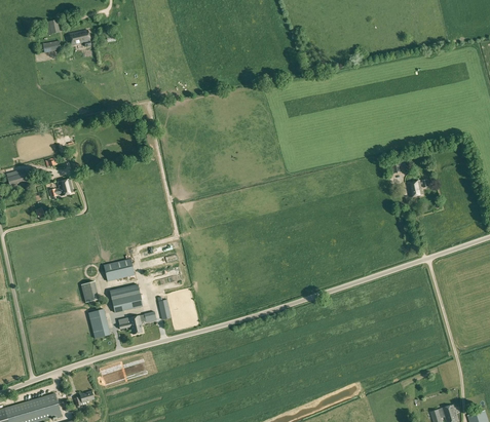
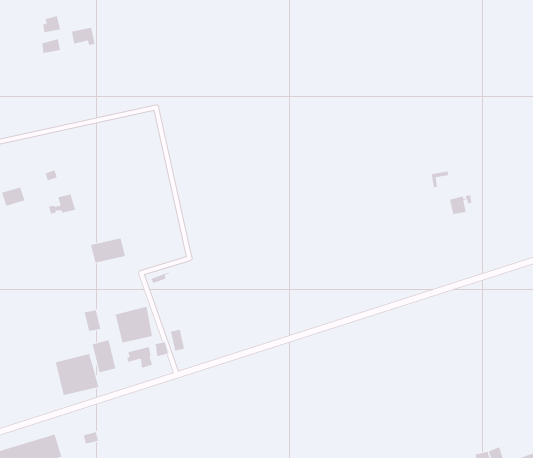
building: [103,258,135,280] -> [90,238,126,263]
building: none -> [55,353,99,396]

